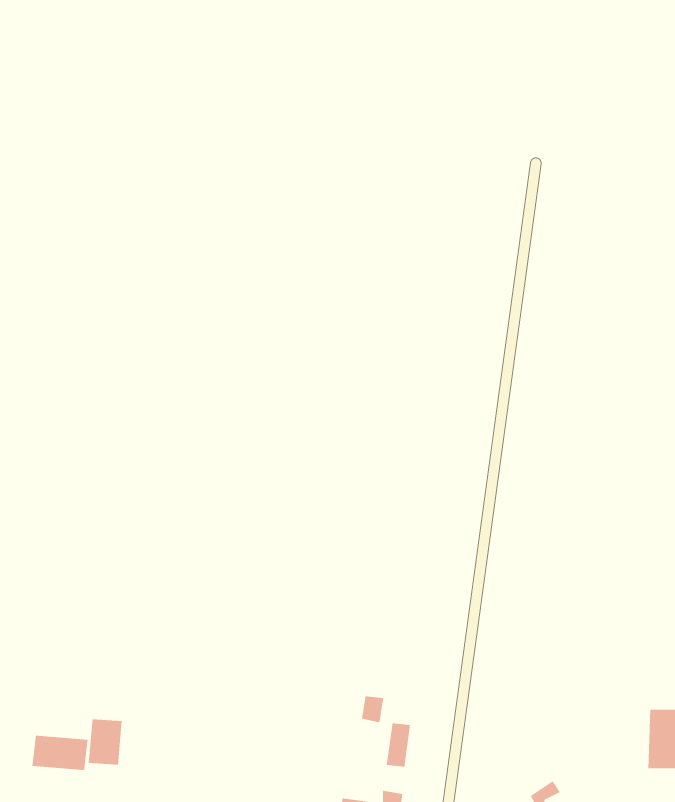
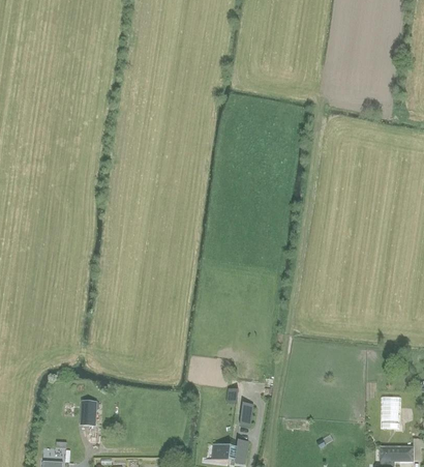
building: [32,735,88,771] -> none

